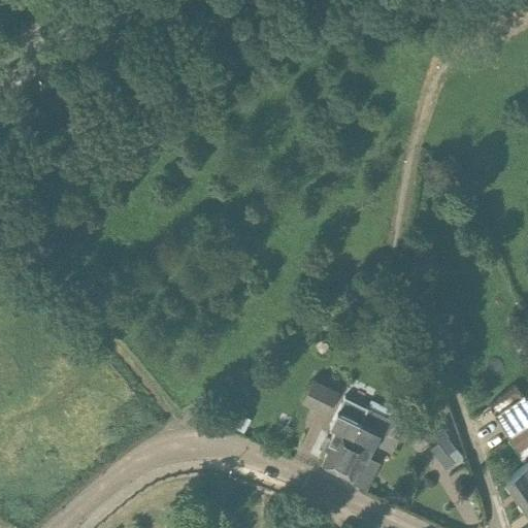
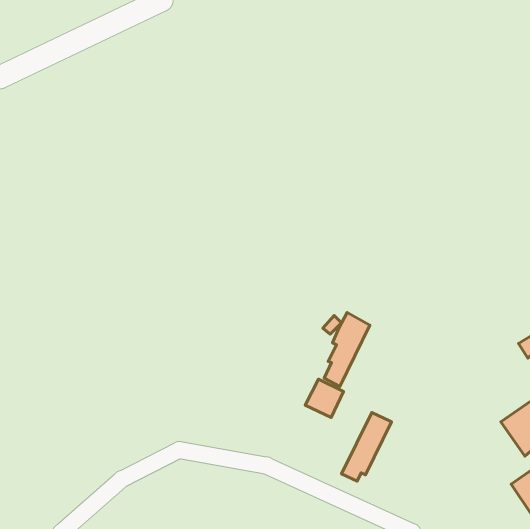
building: [325,399,370,472] -> [324,313,370,386]
building: [432,430,464,471] -> none

